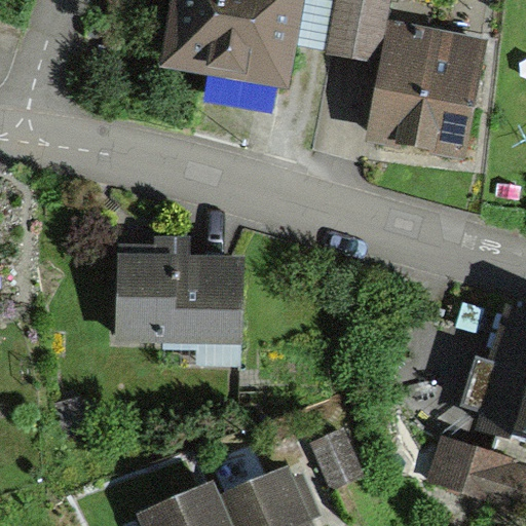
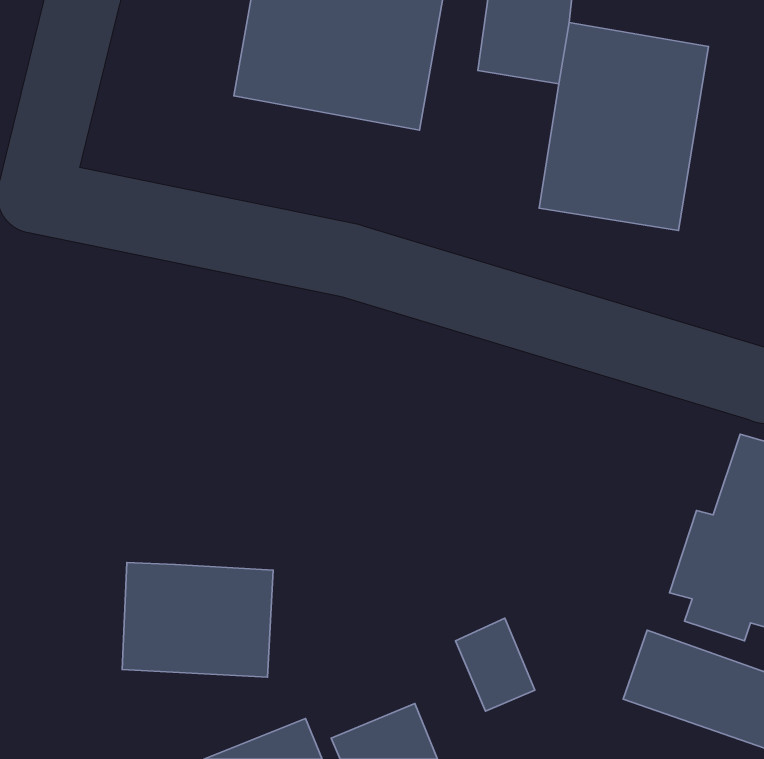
building: [108,265,231,345] -> none
building: none -> [122,562,273,677]

